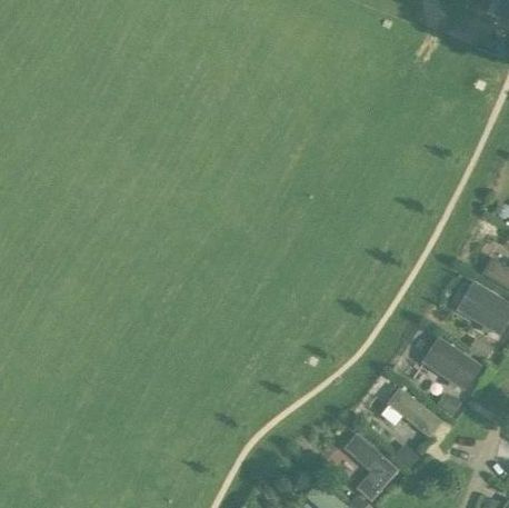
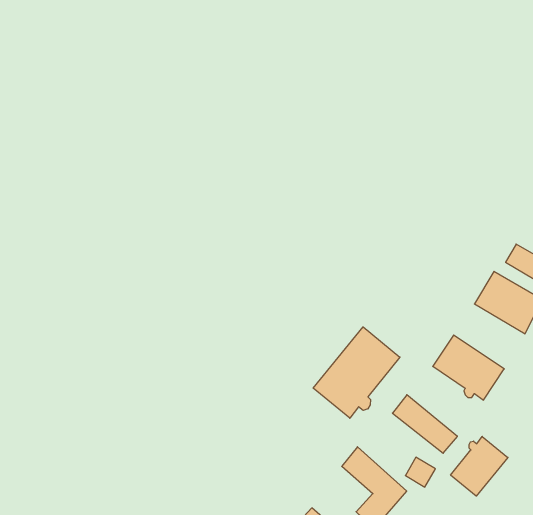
building: none -> [313,327,400,418]
building: none -> [451,436,508,496]

